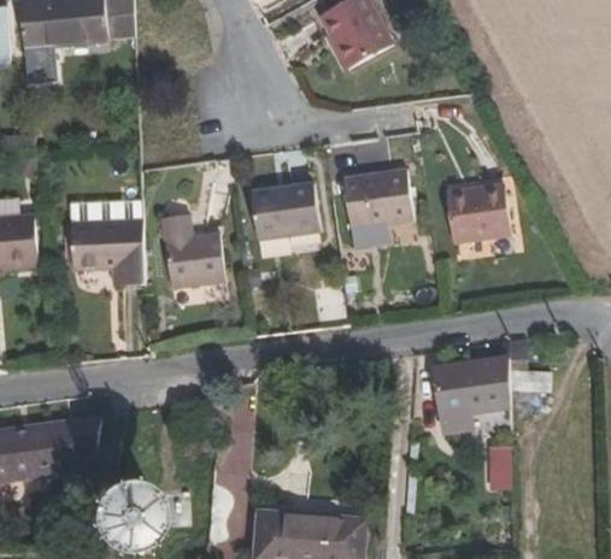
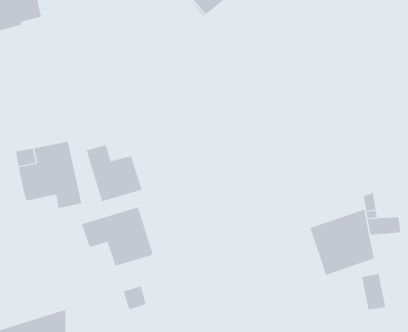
building: [341,169,412,229] -> none
building: [248,182,318,239] -> none
building: [443,184,509,242] -> none
building: none -> [81,207,154,266]

